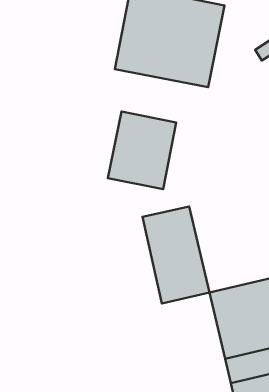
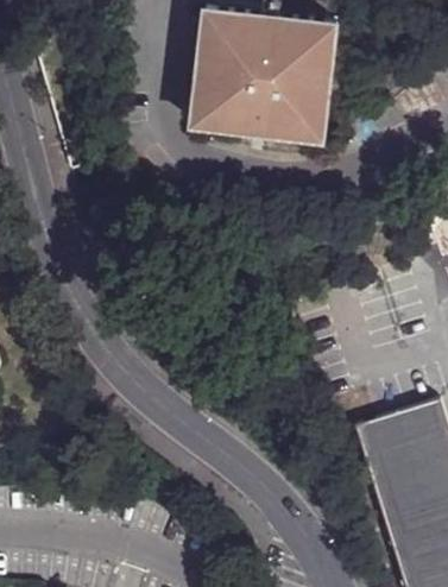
building: [108,111,176,189] -> none
building: [142,207,209,303] -> none

